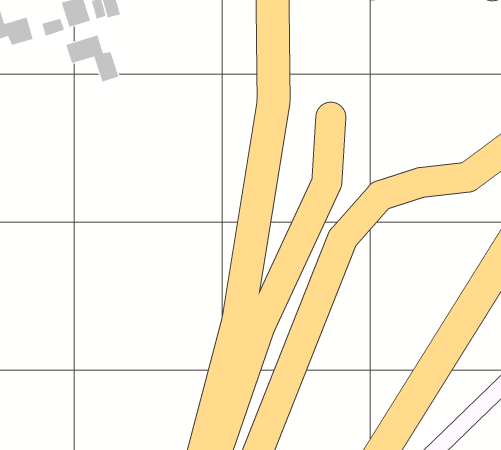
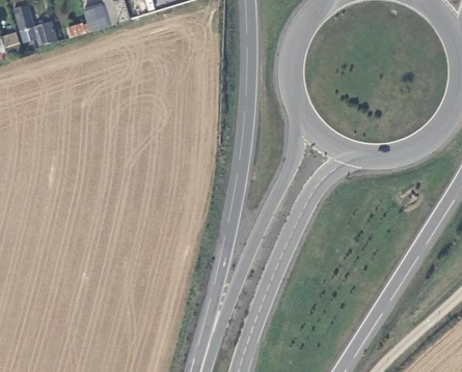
building: [66,34,119,83] -> none

